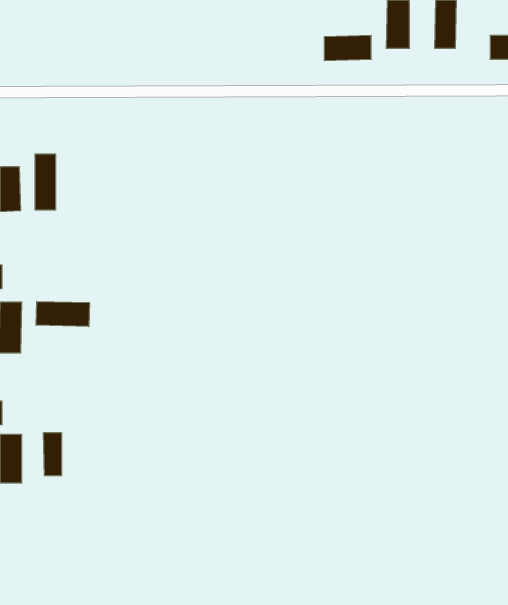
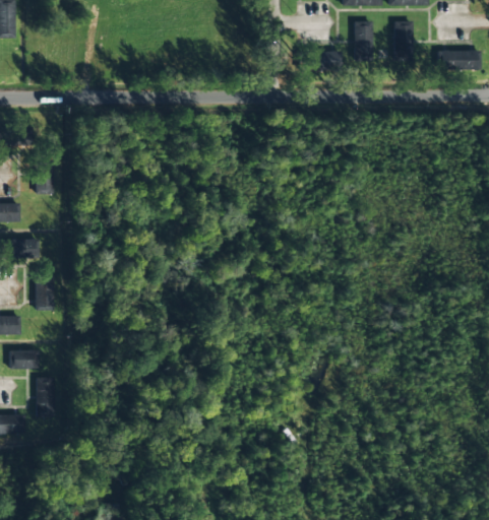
building: [35,154,56,210] -> none
building: [36,301,89,327] -> none
building: [44,433,61,476] -> none

